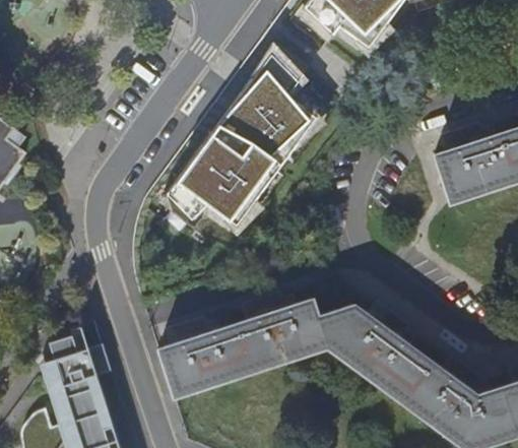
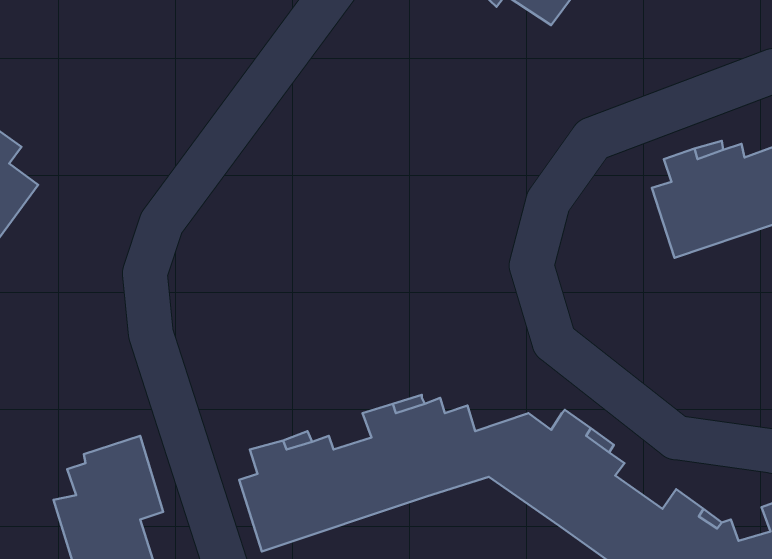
building: [167,54,318,228] -> none

